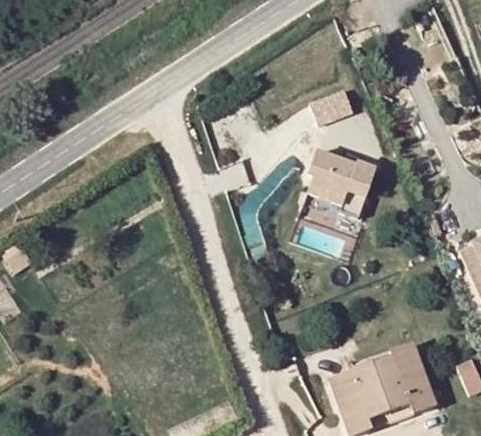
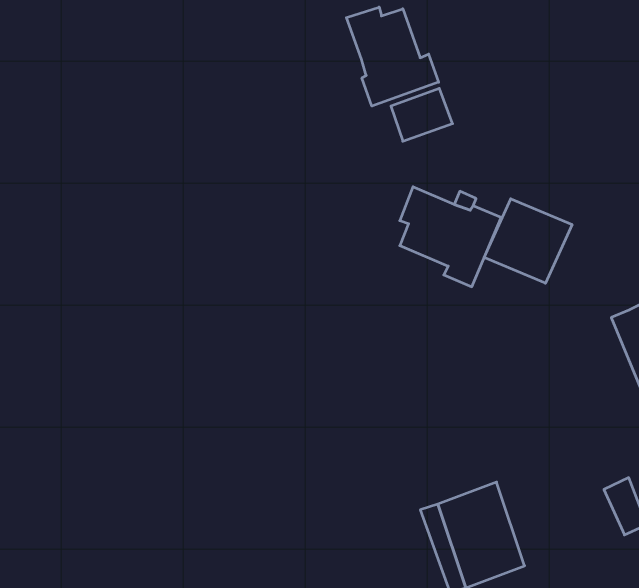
building: none -> [346,7,439,106]
building: none -> [484,199,572,283]
building: [381,340,435,414] -> none

